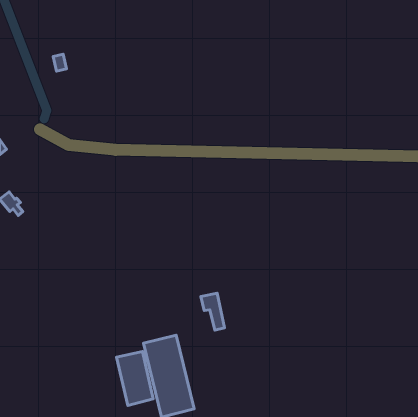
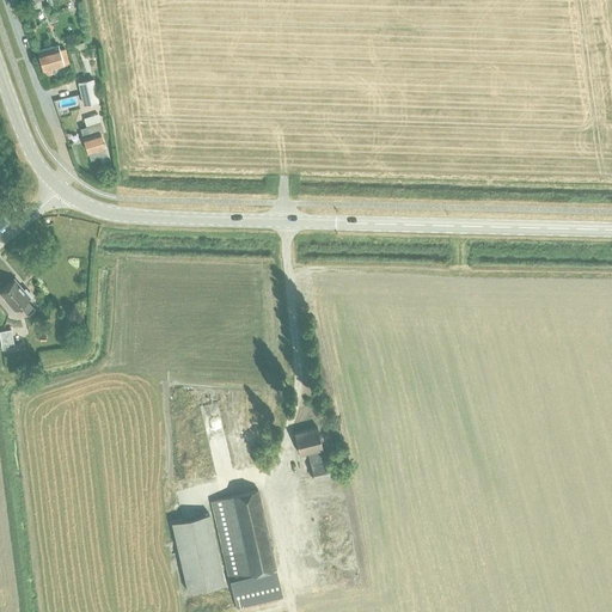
building: none -> [36,45,67,72]
building: none -> [79,116,105,161]

